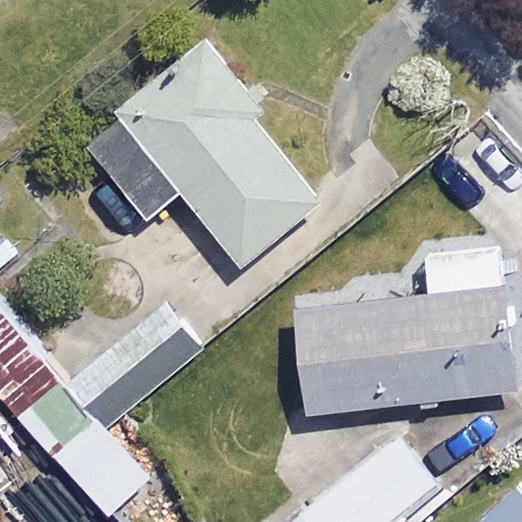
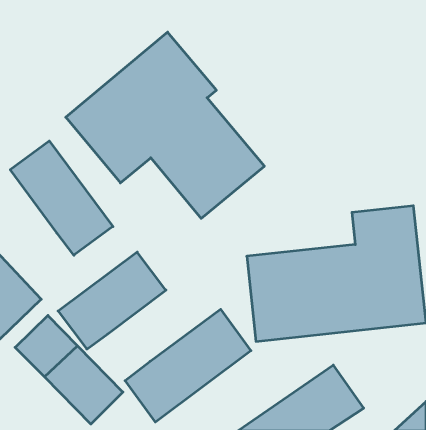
building: none -> [10,141,113,255]
building: none -> [125,309,251,422]

